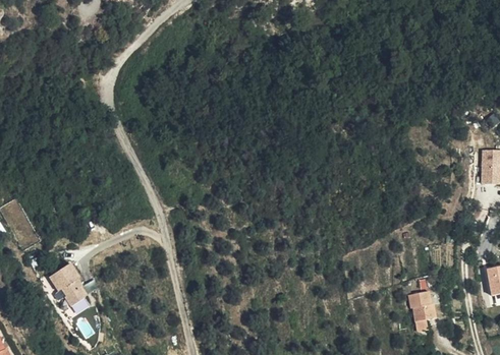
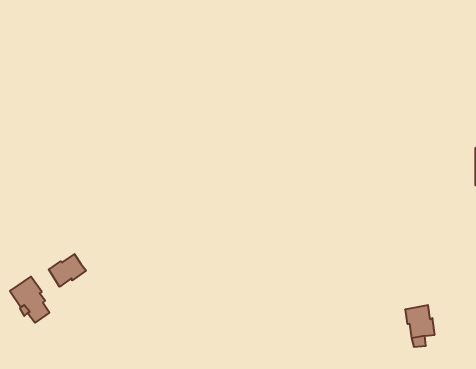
building: none -> [49,254,86,287]

